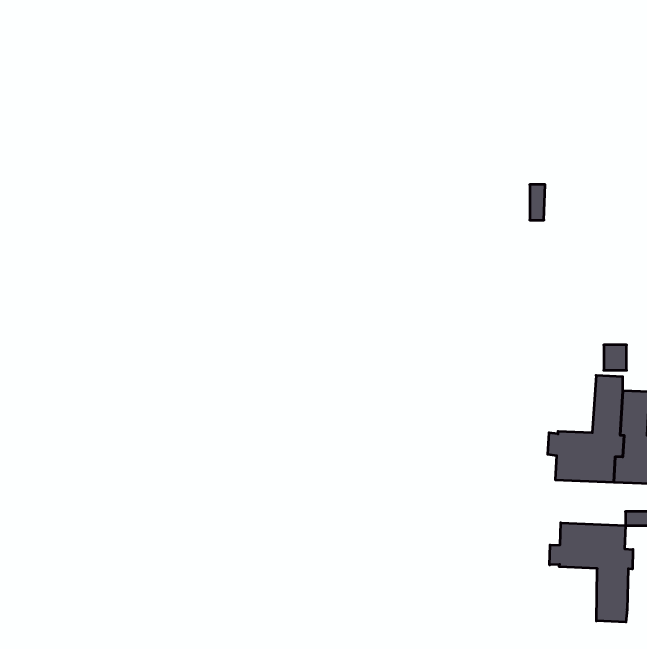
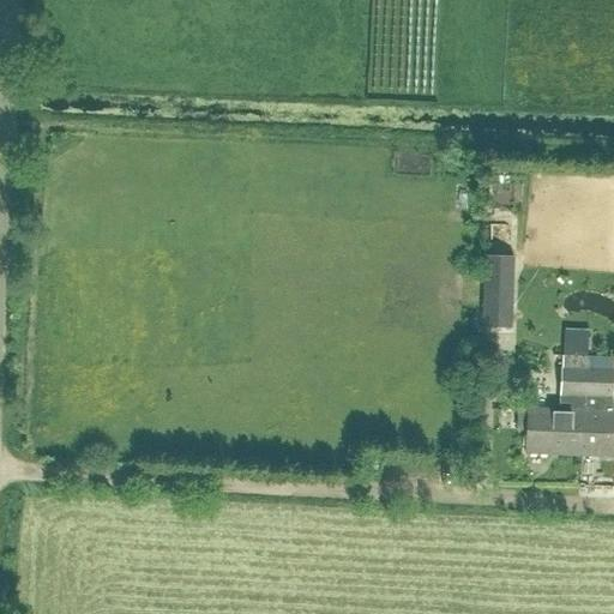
building: none -> [484,254,507,327]
building: [550,523,633,622] -> none

